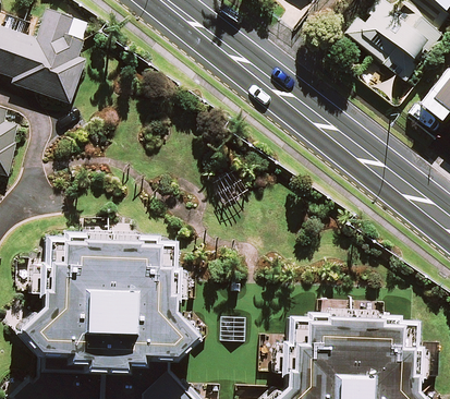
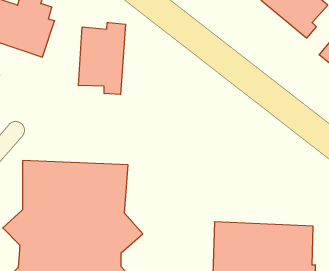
building: none -> [78,23,126,95]

